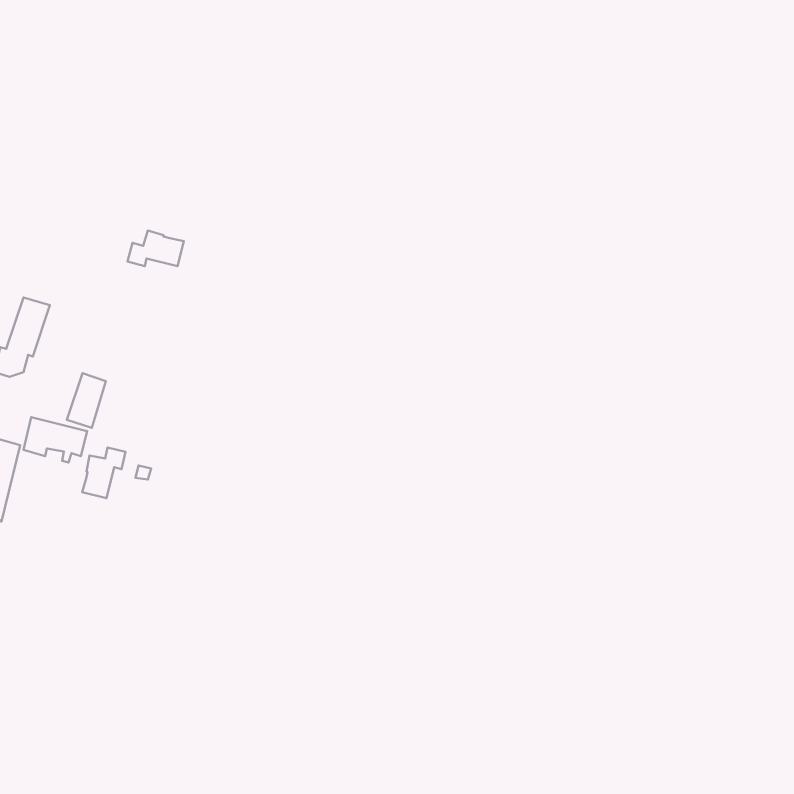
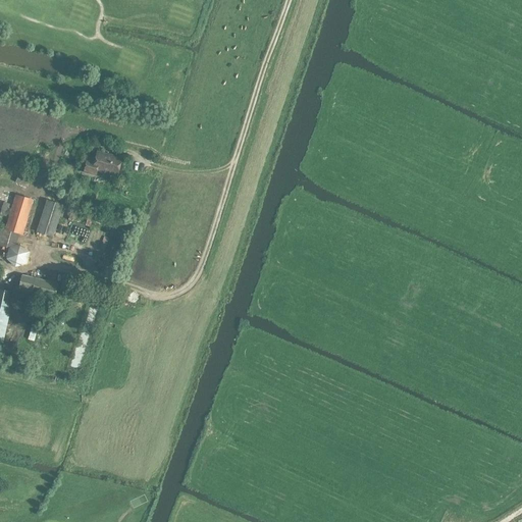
building: [67,373,106,428] -> [36,200,61,236]
building: [82,447,126,498] -> none

